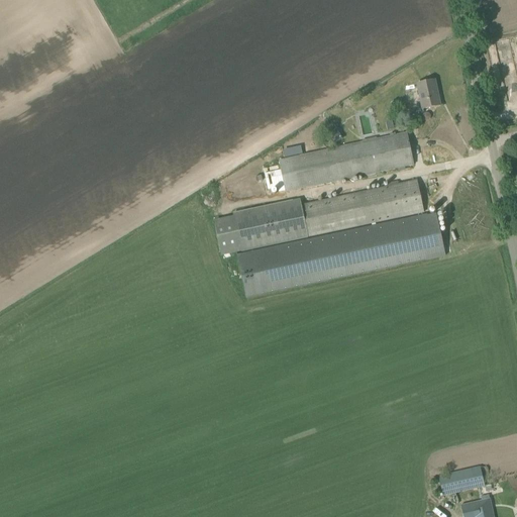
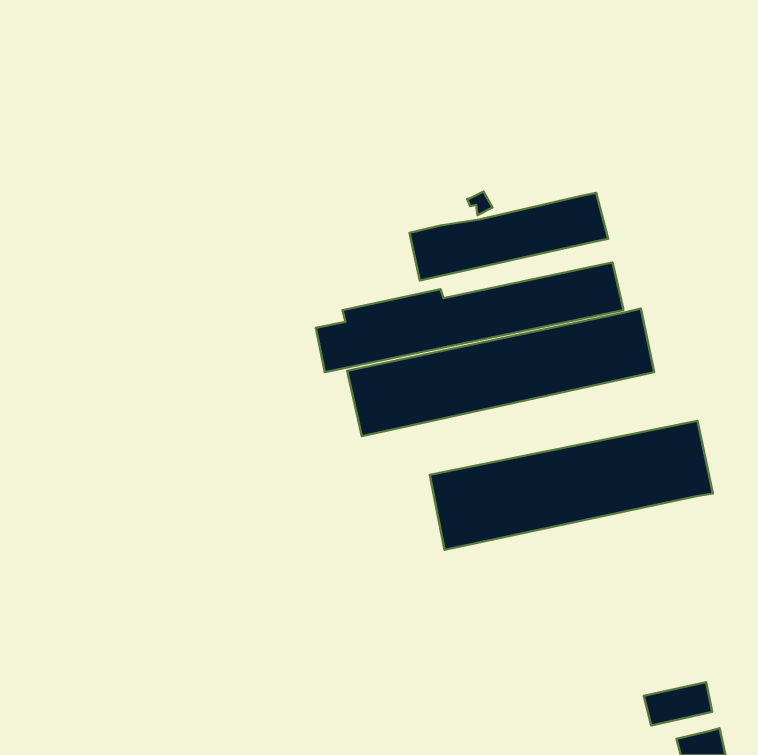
building: [416,78,440,108] -> none
building: none -> [430,421,713,550]

